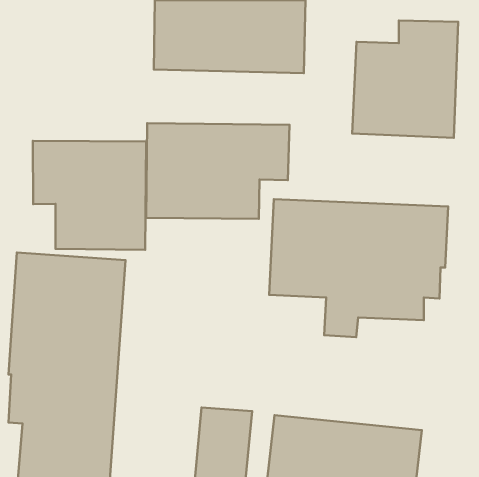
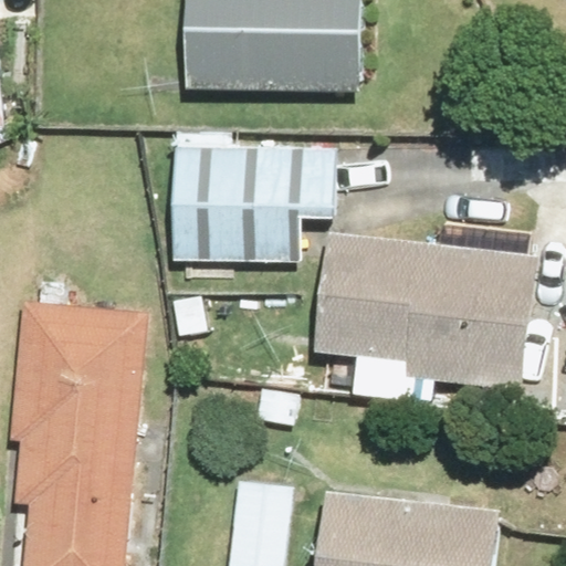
building: [352,20,458,138] -> none
building: [33,141,146,250] -> none

